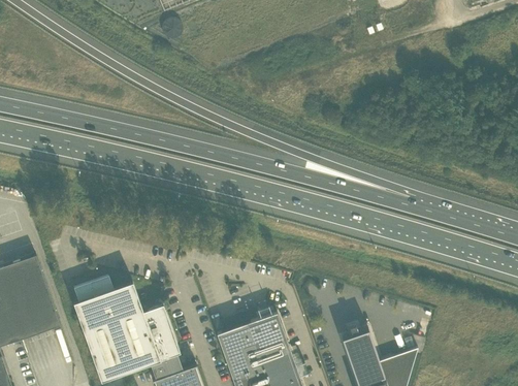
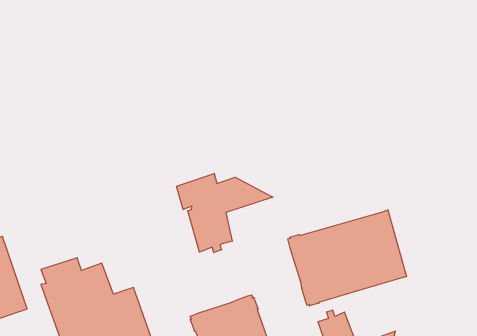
building: none -> [176,173,273,253]
building: none -> [288,210,407,306]

